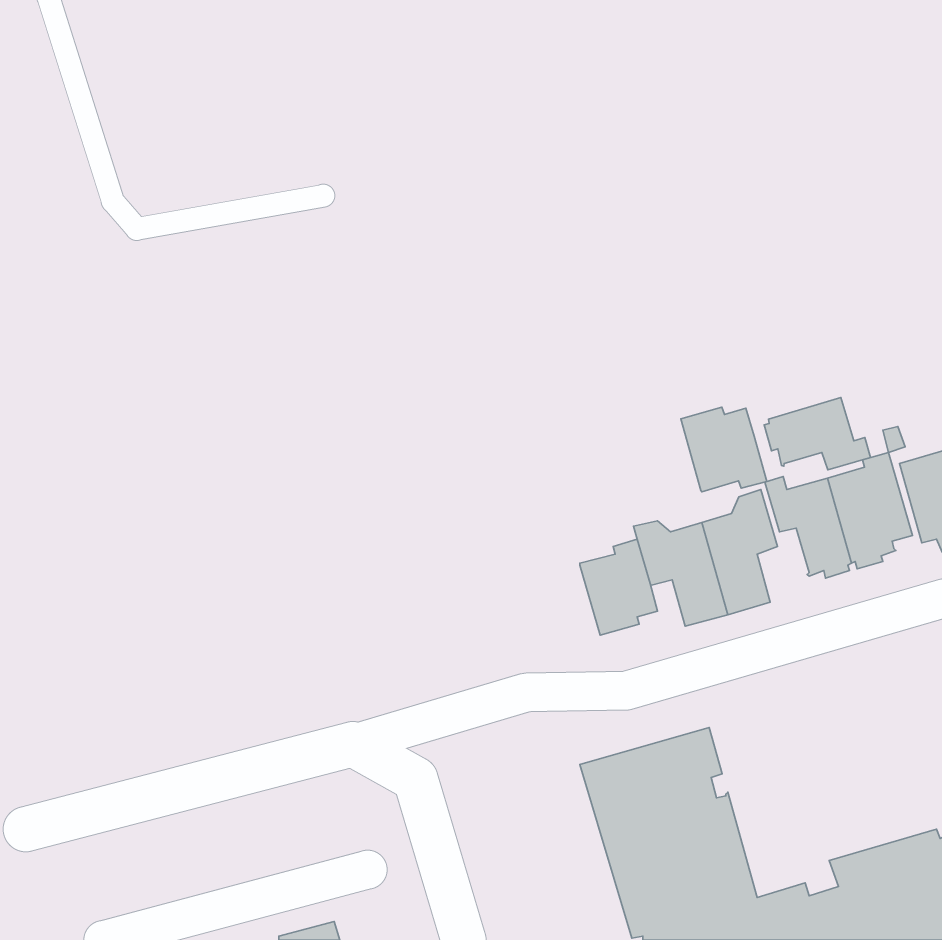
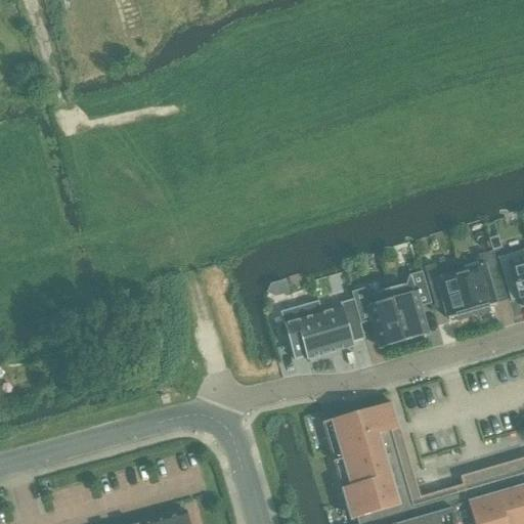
building: [764,397,871,470] -> none
building: [681,407,767,492] -> none
building: none -> [281,301,334,359]

